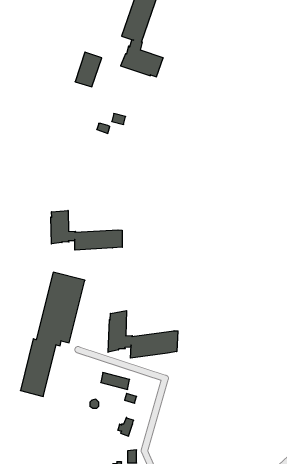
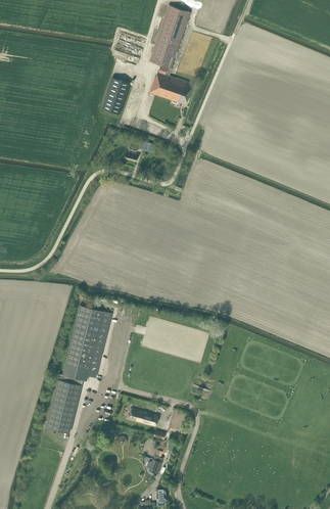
building: [51,210,122,250] -> none
building: [108,311,178,358] -> none

